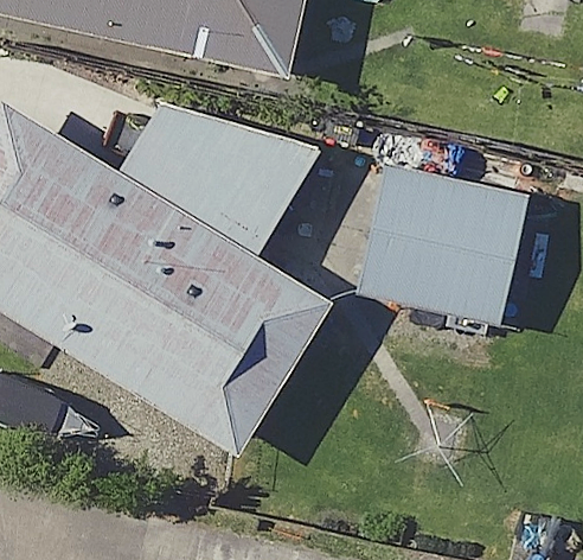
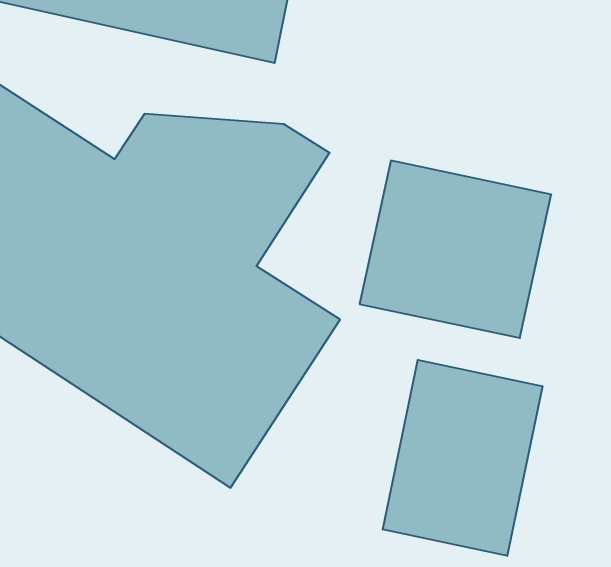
building: none -> [383,360,542,556]

